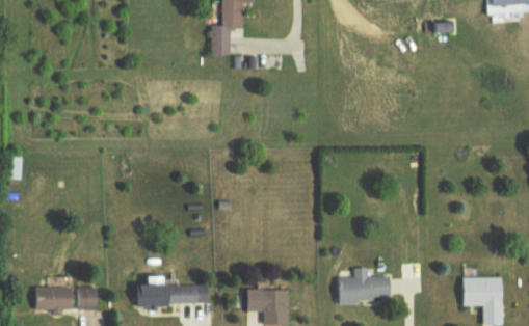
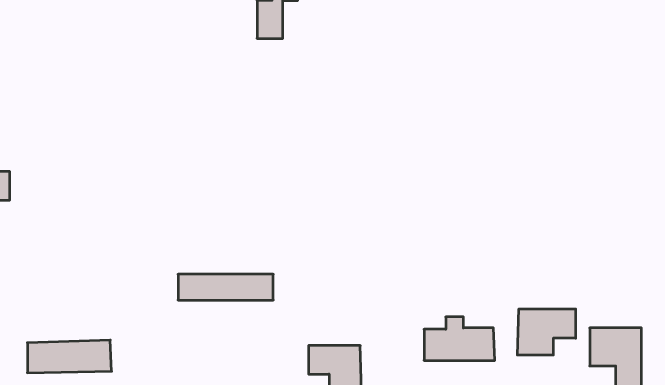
building: none -> [517,309,576,355]
building: [138,284,211,304] -> [178,274,273,300]

